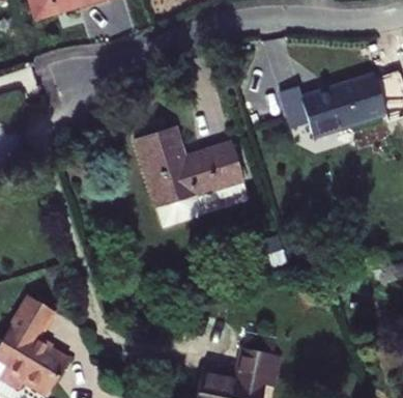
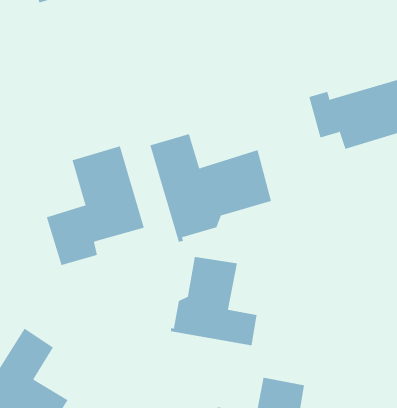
building: none -> [46,146,144,266]
building: none -> [170,256,257,346]

